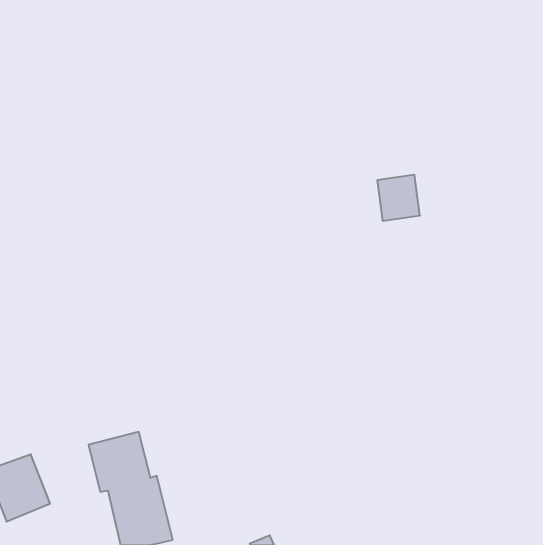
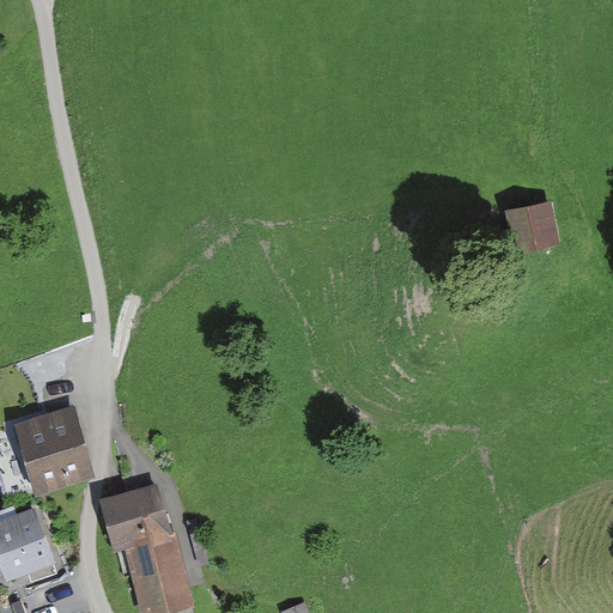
building: [377,175,420,221] -> [511,201,559,253]
building: none -> [13,407,92,494]

